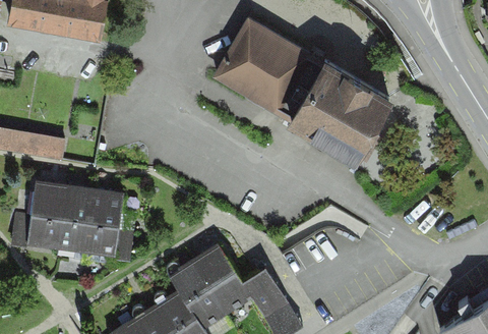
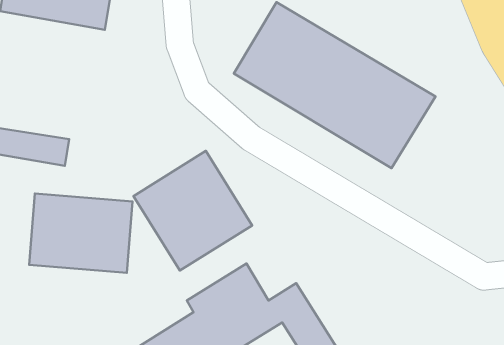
building: none -> [134,151,252,271]

